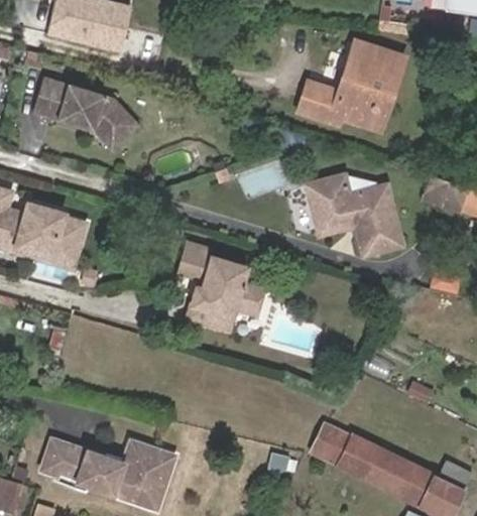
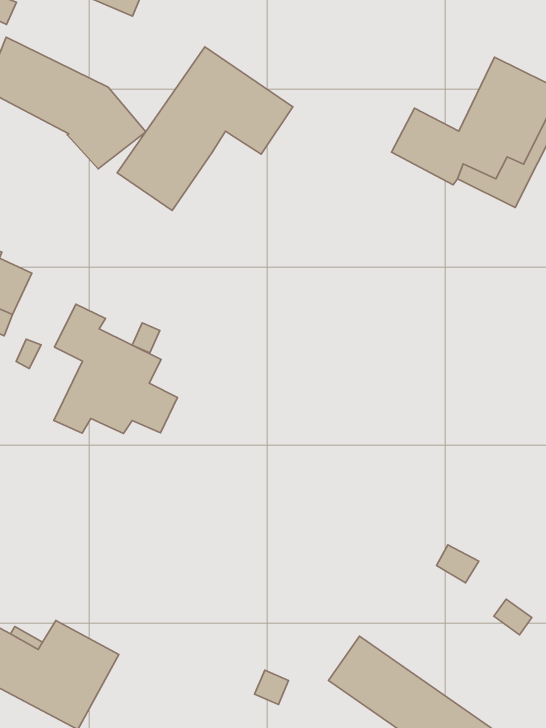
building: none -> [117,47,293,211]
building: [306,171,402,245] -> none
building: [182,244,264,325] -> [54,304,177,433]

